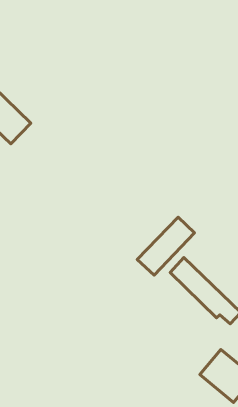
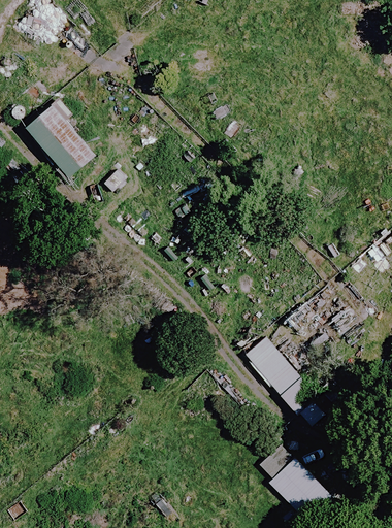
building: [137,217,195,275] -> none

